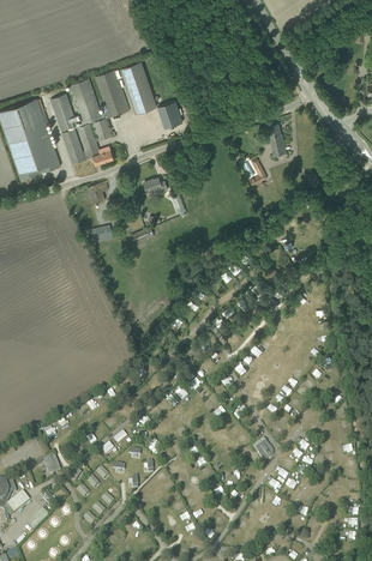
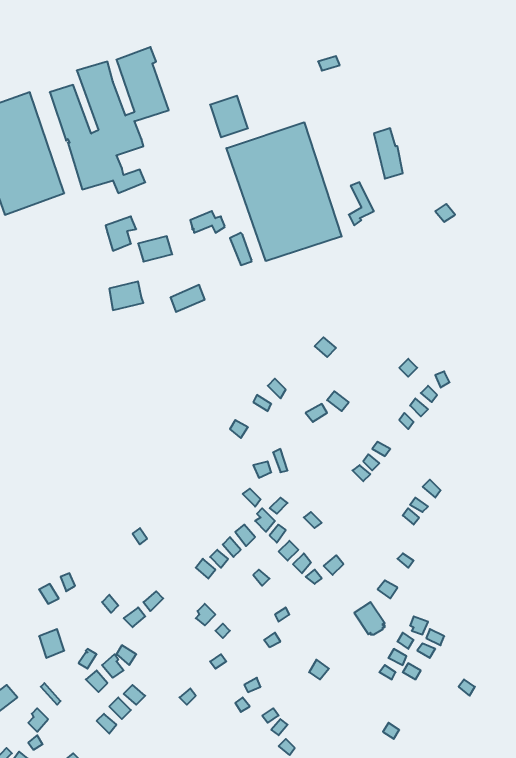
building: [120,61,156,114] -> none
building: none -> [226,122,342,261]

